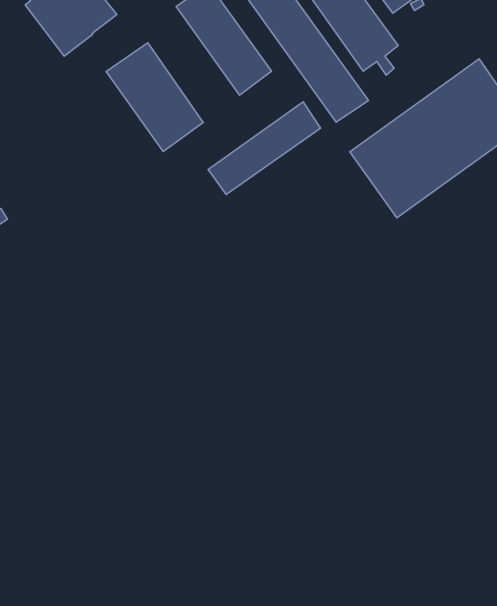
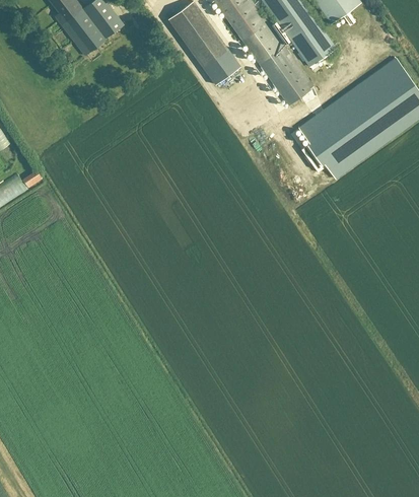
building: [106,43,203,151] -> none
building: [208,102,320,195] -> none

